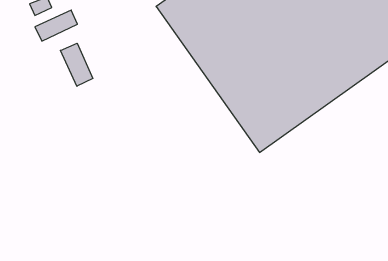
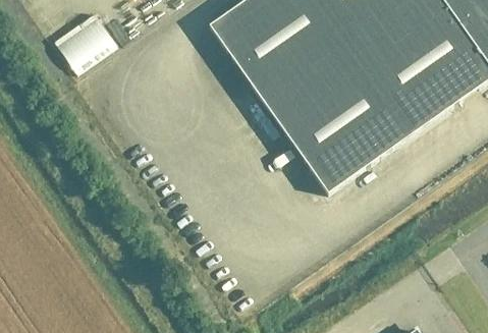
building: [60,43,93,86] -> none

